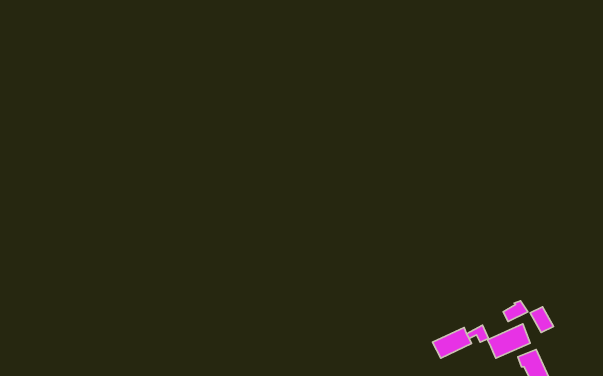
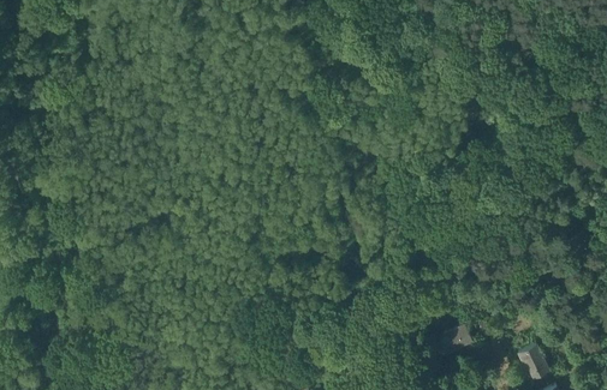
building: [487,324,530,358] -> none

